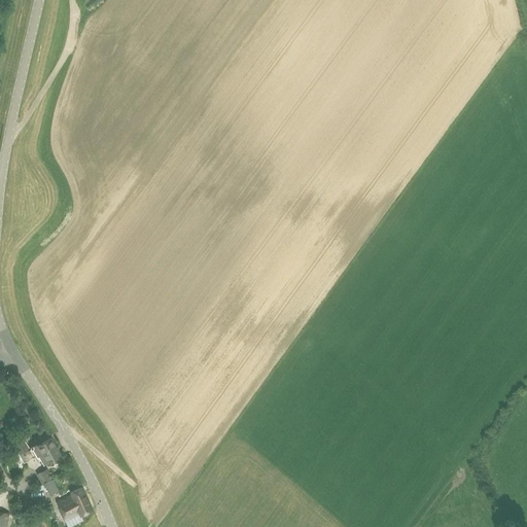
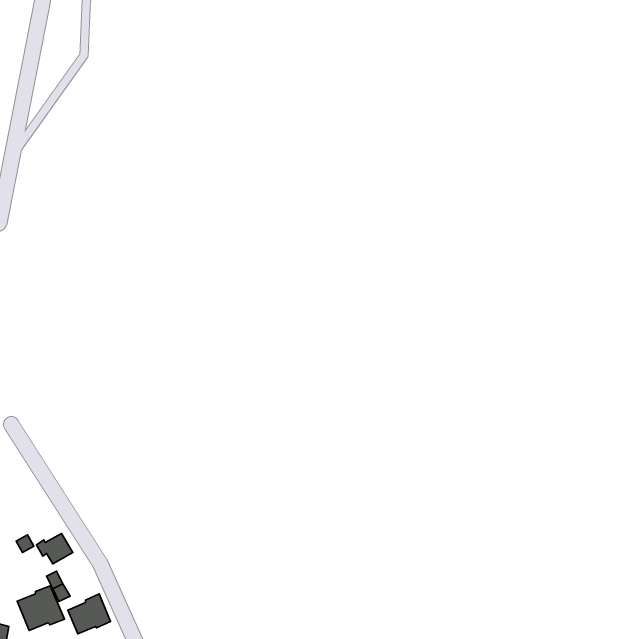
building: none -> [17,586,65,630]

